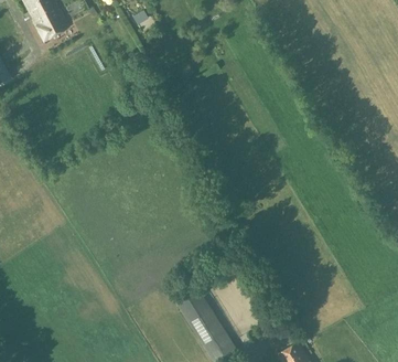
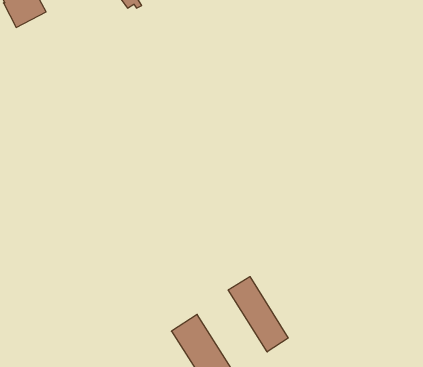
building: none -> [228,277,288,352]

